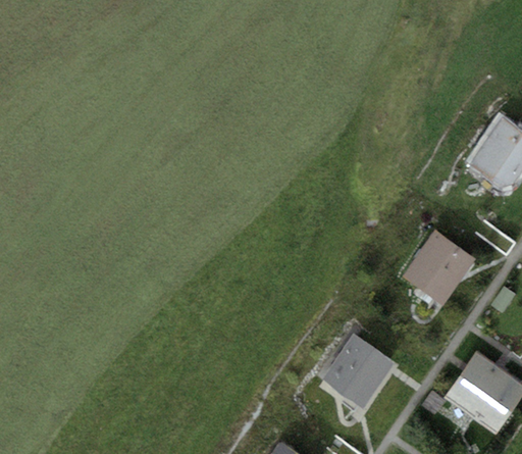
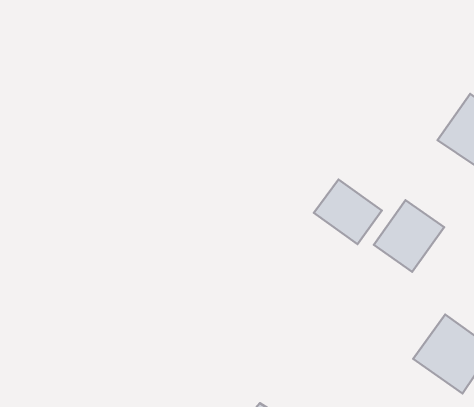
building: none -> [314,179,382,244]
building: [322,334,395,407] -> none

